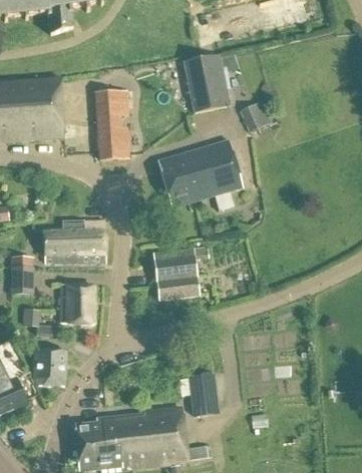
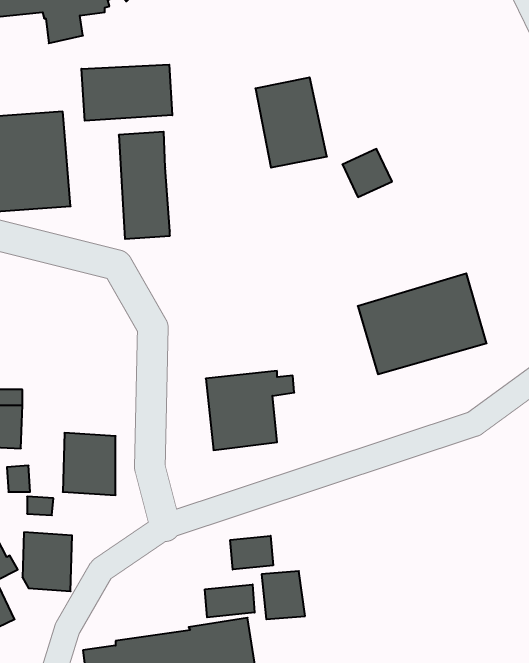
building: none -> [81,65,172,121]
building: [158,140,242,205] -> [358,273,487,374]
building: [42,219,105,263] -> none
building: none -> [230,536,273,570]
building: none -> [205,584,255,617]

